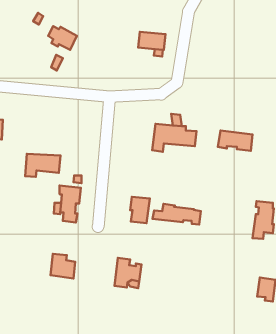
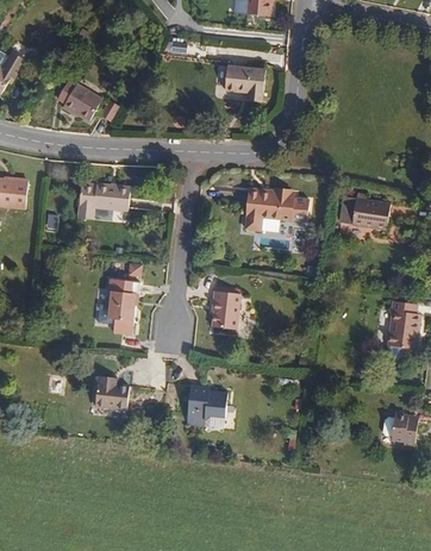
building: [48,26,77,50] -> [56,75,98,109]
building: [25,154,60,177] -> [79,184,130,218]
building: [153,204,201,224] -> none

